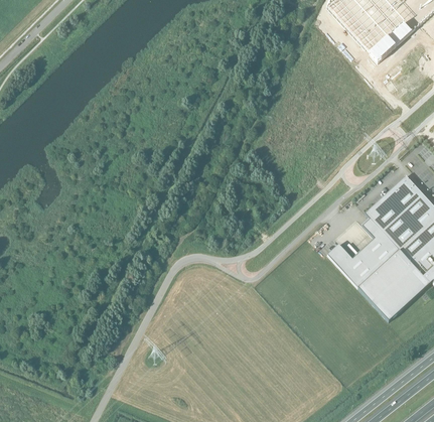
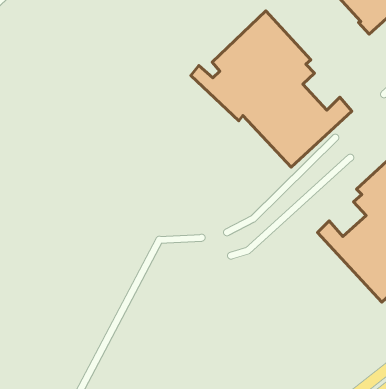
building: none -> [191,11,352,167]

